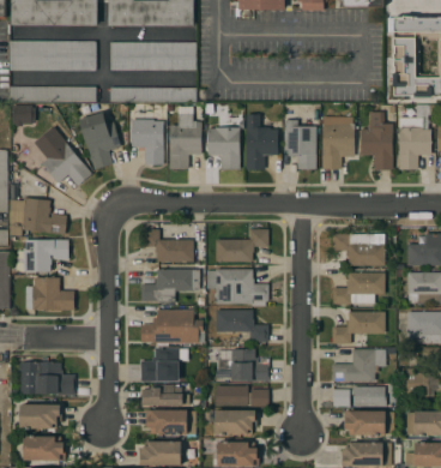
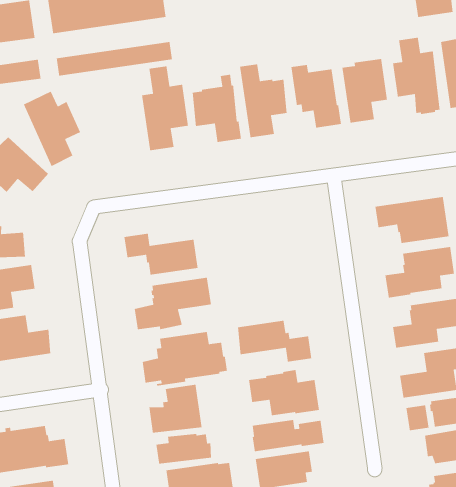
building: [131,112,163,164] -> none
building: [216,229,268,262] -> none
building: [206,269,268,304] -> none

